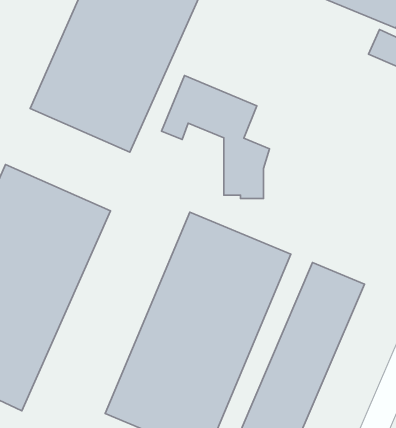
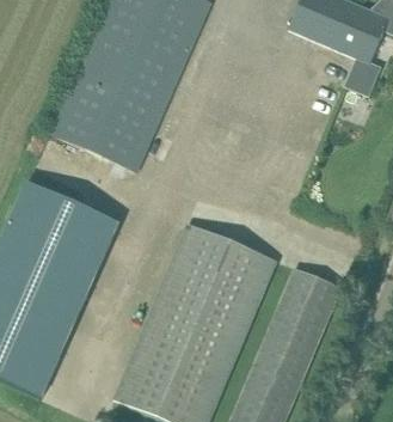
building: [161,76,270,199] -> none

